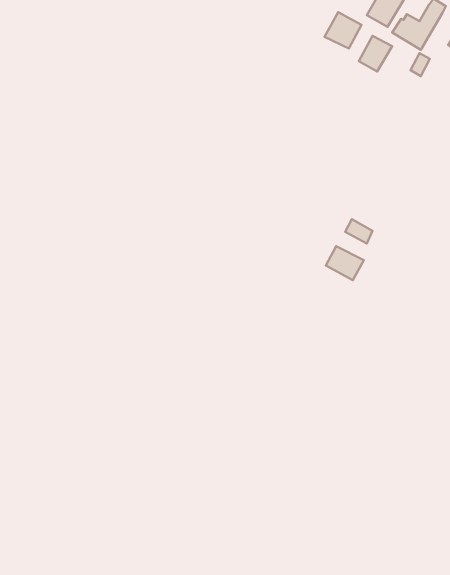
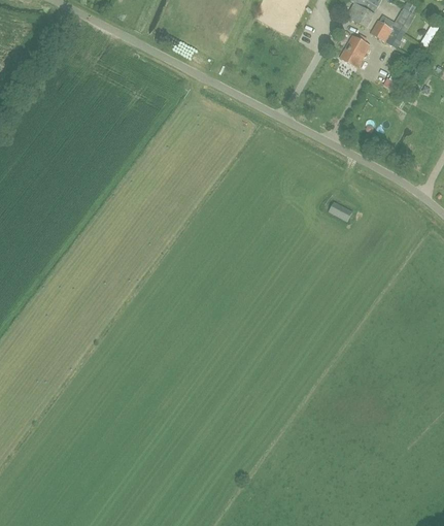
building: [325,12,361,49] -> none
building: [326,246,364,280] -> none

